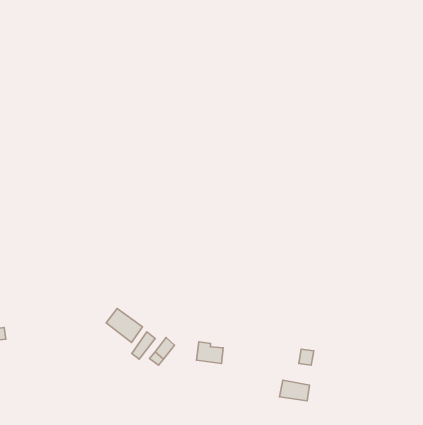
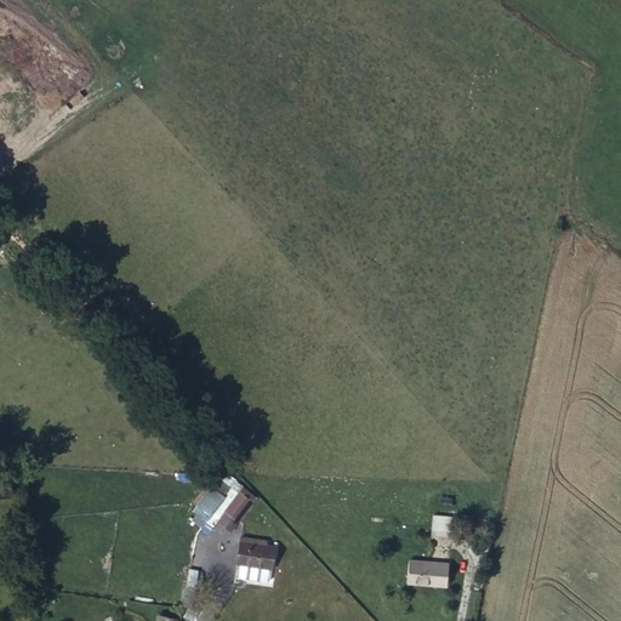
building: [106,308,143,343] -> none
building: [196,342,223,364] -> [234,540,273,571]

